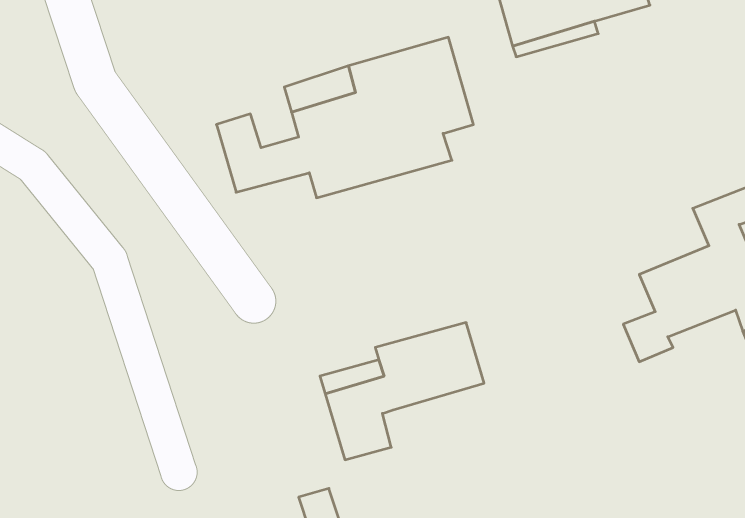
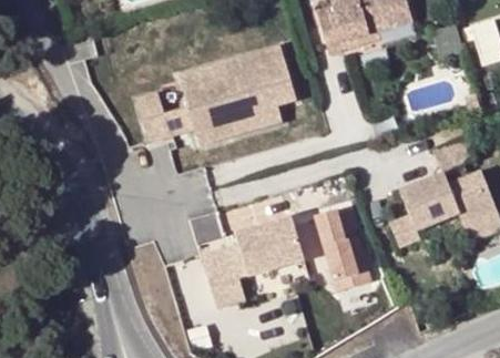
building: none -> [318,209,373,293]

